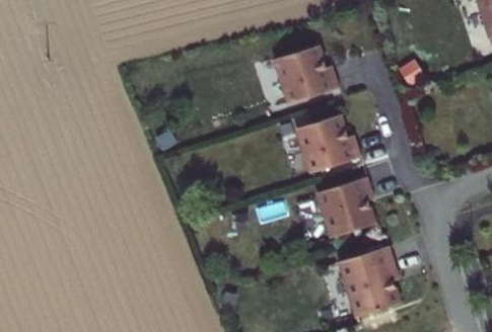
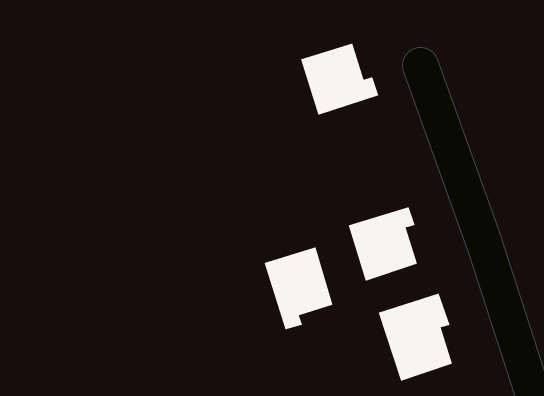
building: [298,114,362,172] -> none
building: none -> [264,246,333,330]

